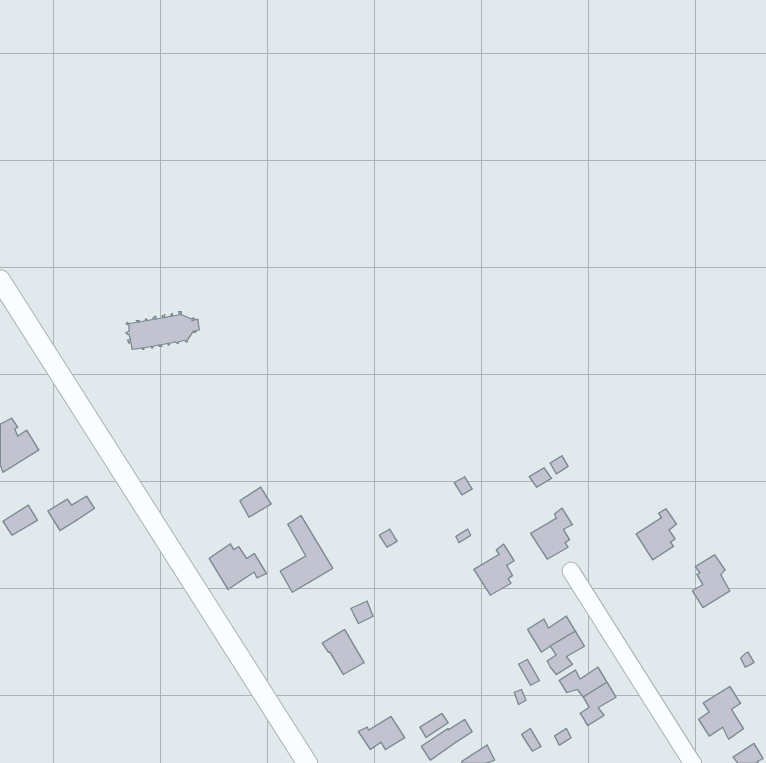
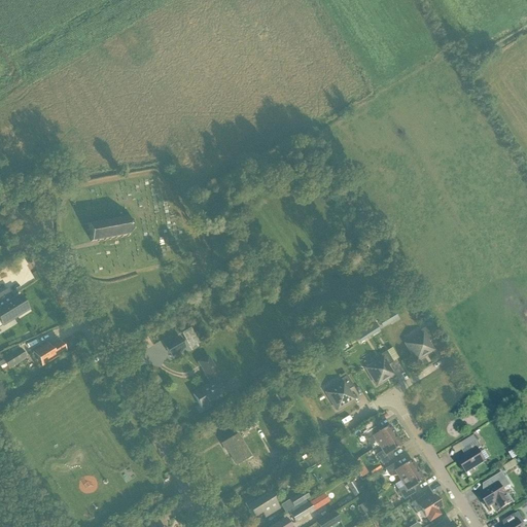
building: [636,509,677,560] -> [405,325,432,360]
building: [209,544,267,590] -> none
building: [692,555,730,607] -> [458,434,484,470]
building: none -> [411,492,441,520]

